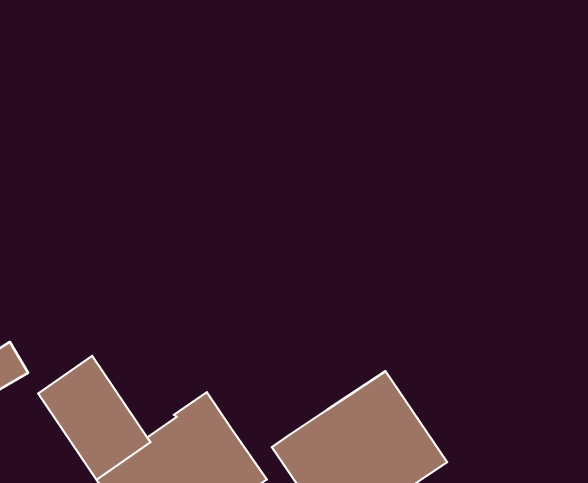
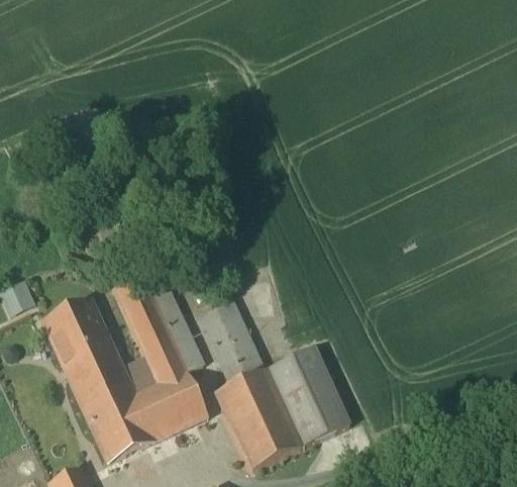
building: none -> [114,266,203,371]
building: none -> [199,300,264,384]

